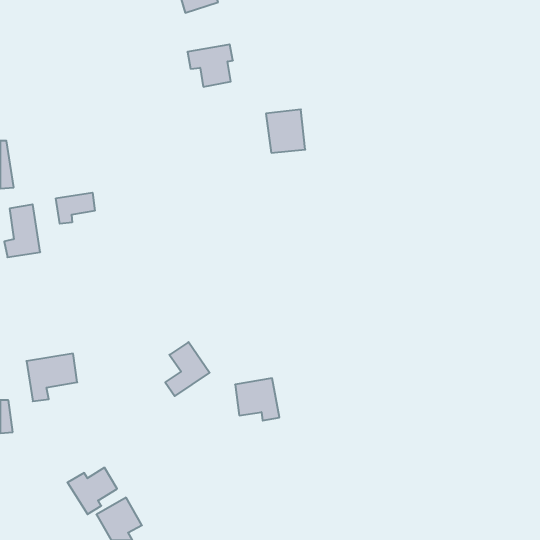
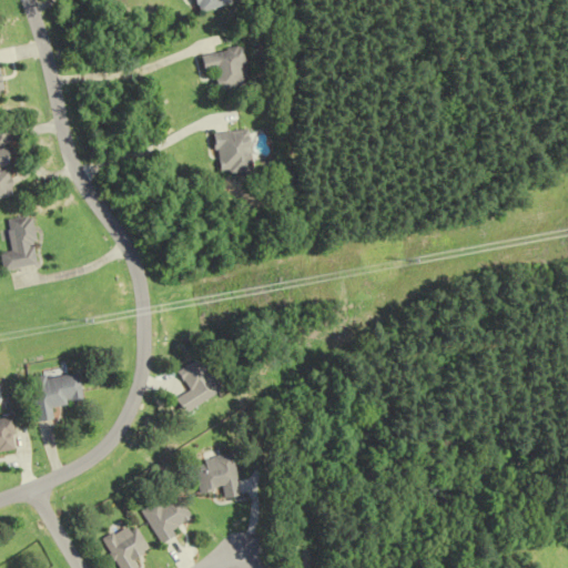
building: [266,109,305,153] -> [211,129,252,174]
building: [56,193,95,224] -> none
building: [235,378,279,421] -> [194,454,241,498]
building: [67,468,117,514] -> [140,495,192,544]

